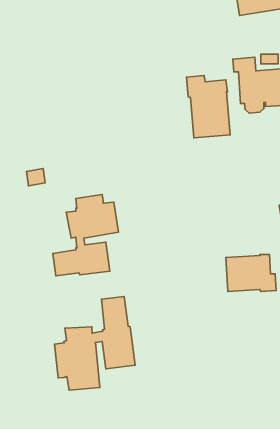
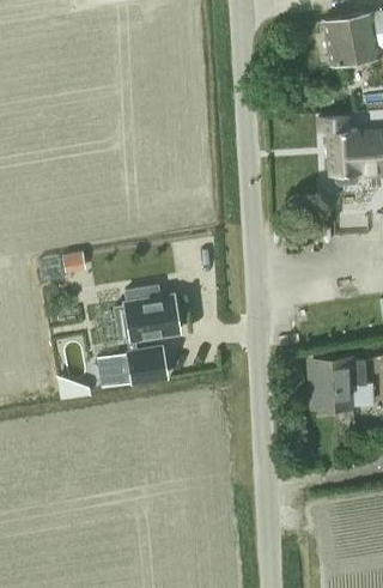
building: [186,76,230,138] -> none
building: [54,296,135,390] -> none

